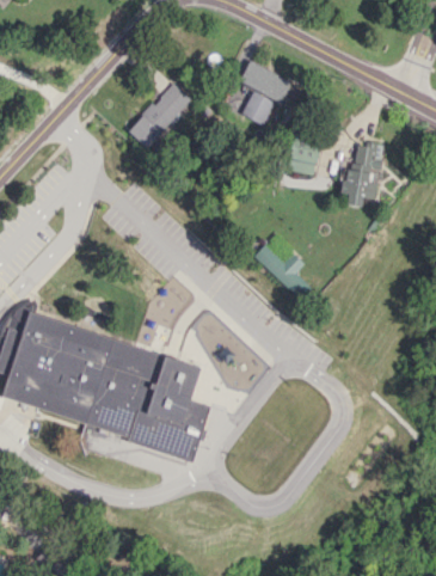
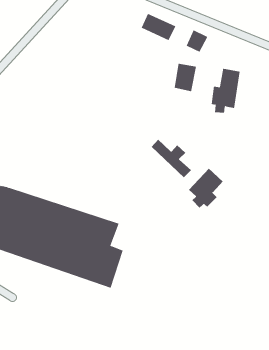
building: [128,82,191,148] -> none
building: [241,91,274,124] -> [186,30,208,53]
building: none -> [188,168,223,209]

